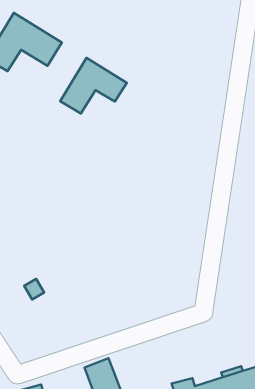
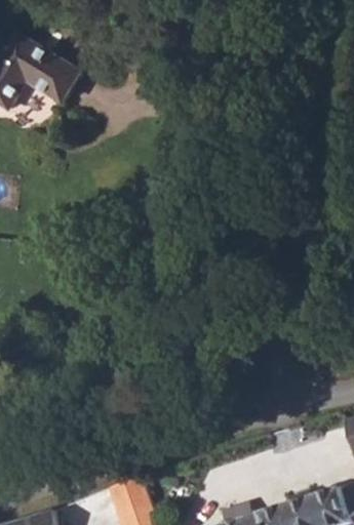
building: [60,58,127,114] -> none

